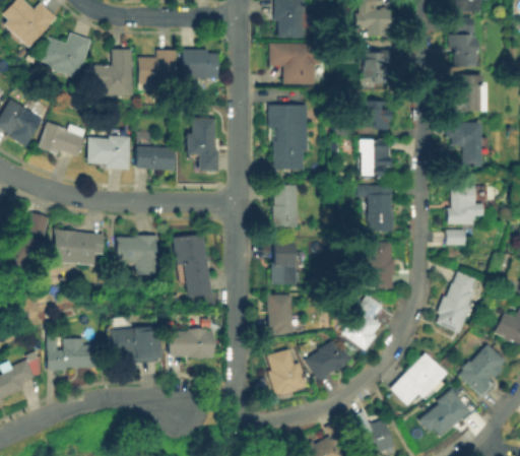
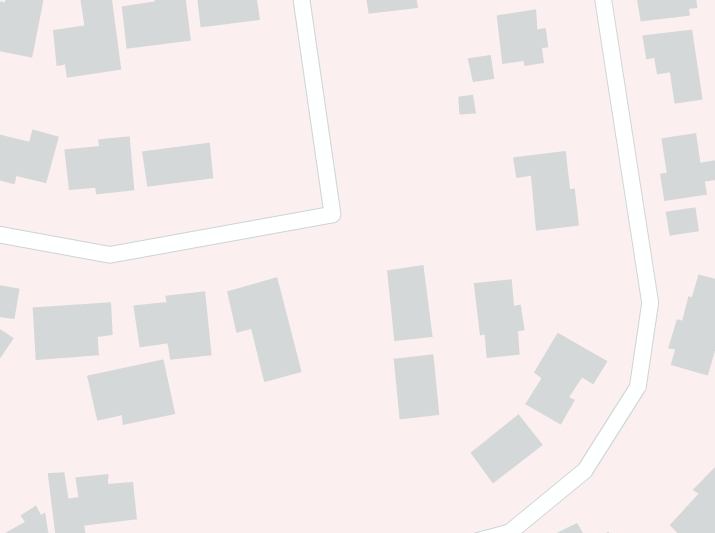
building: [269,106,311,174] -> none
building: [186,117,219,172] -> none
building: [355,137,391,178] -> none
building: [271,185,297,230] -> none
building: [366,242,394,289] -> [473,279,525,358]
building: [111,327,161,364] -> [86,359,176,426]
building: [168,328,216,357] -> none
building: [265,348,308,395] -> none
building: [388,353,444,405] -> none

